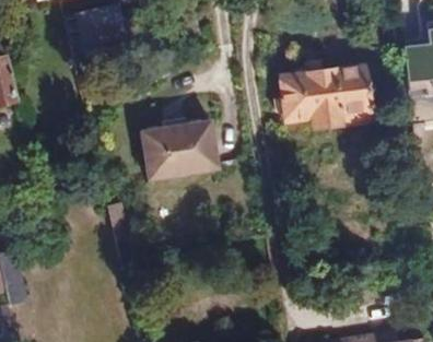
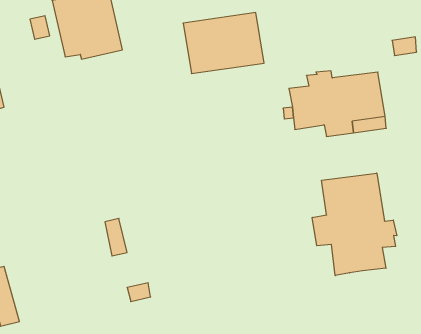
building: [141,122,216,179] -> [183,13,264,74]
building: none -> [312,173,397,276]

